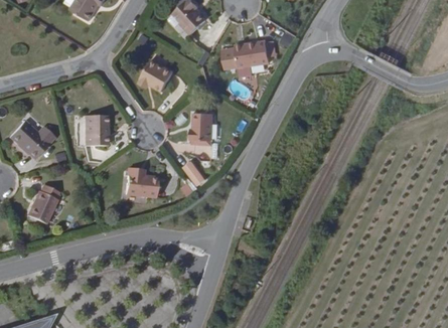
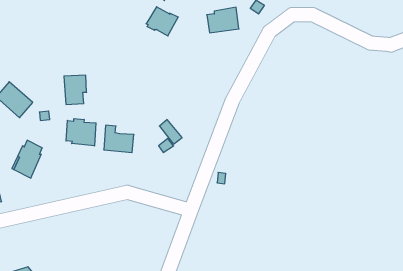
building: [138,59,172,91] -> [146,7,178,36]
building: [190,111,212,143] -> none
building: none -> [66,119,96,146]

